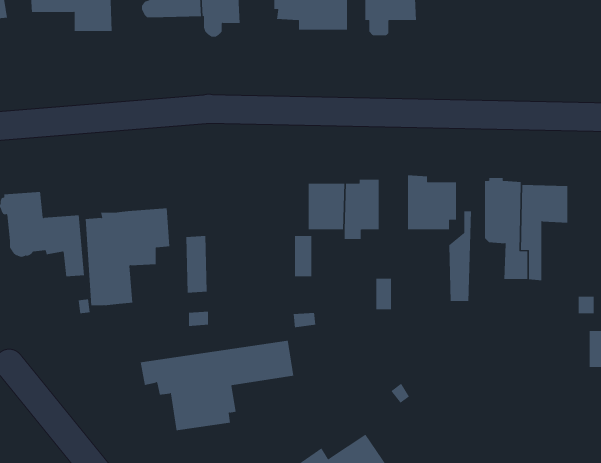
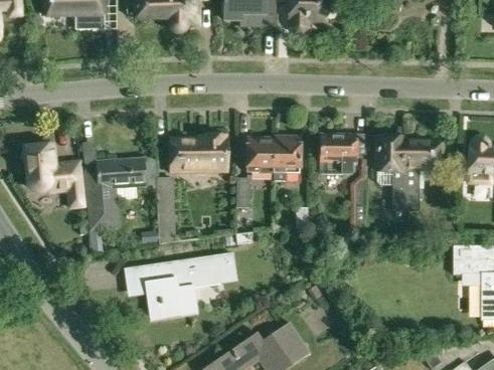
building: none -> [170,134,227,171]

